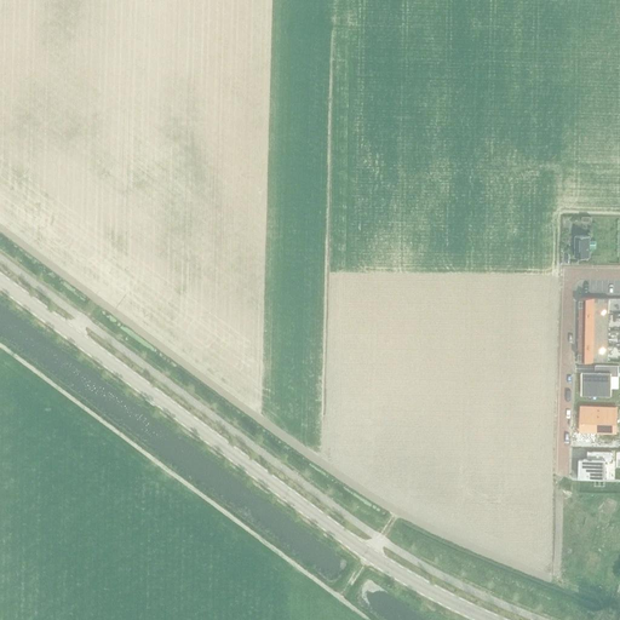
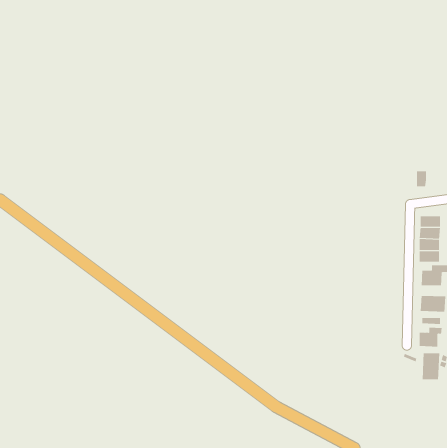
building: none -> [422,352,440,380]

